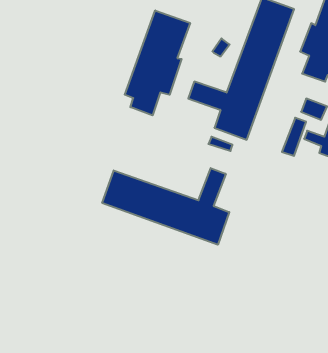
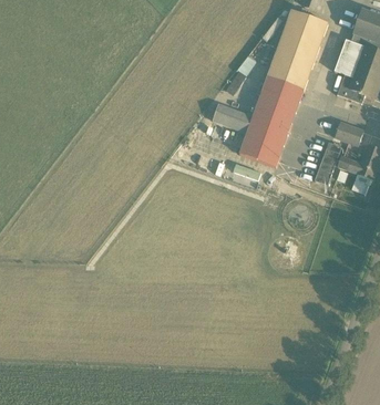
building: [125,10,190,115] -> none
building: [102,168,229,245] -> none

